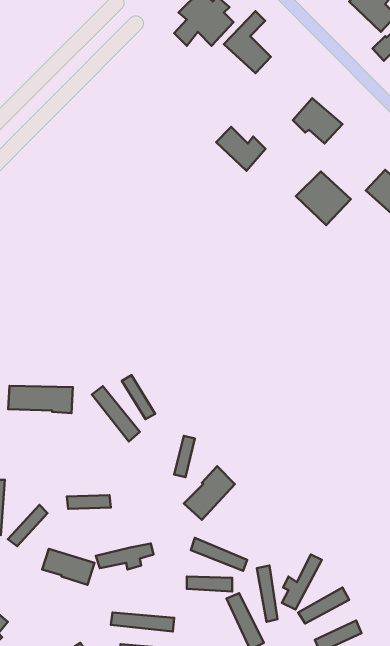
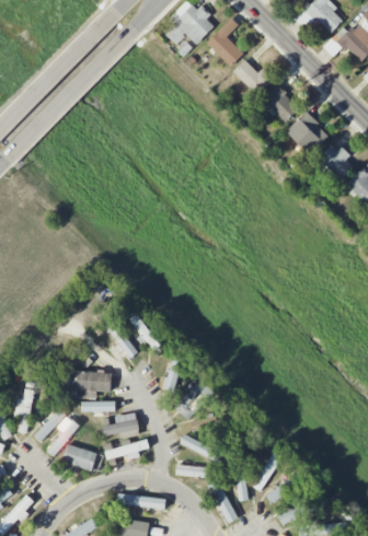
building: [216,127,266,171] -> [232,59,272,94]
building: [296,171,351,225] -> [285,112,329,154]
building: [8,386,73,413] -> [59,370,111,392]
building: none -> [102,412,139,438]
building: none -> [46,416,78,456]

